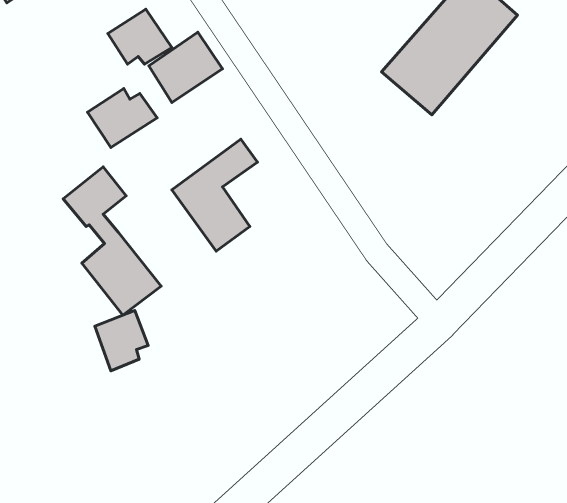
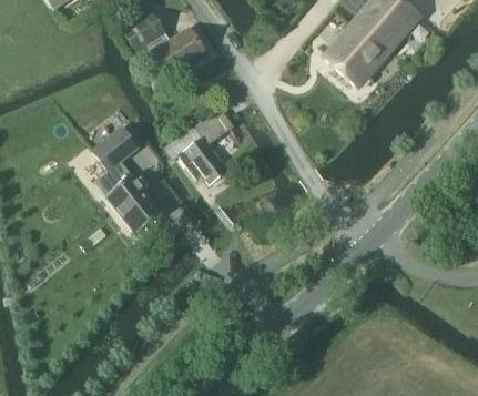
building: [88,88,157,147] -> none
building: [95,311,148,371] -> none

